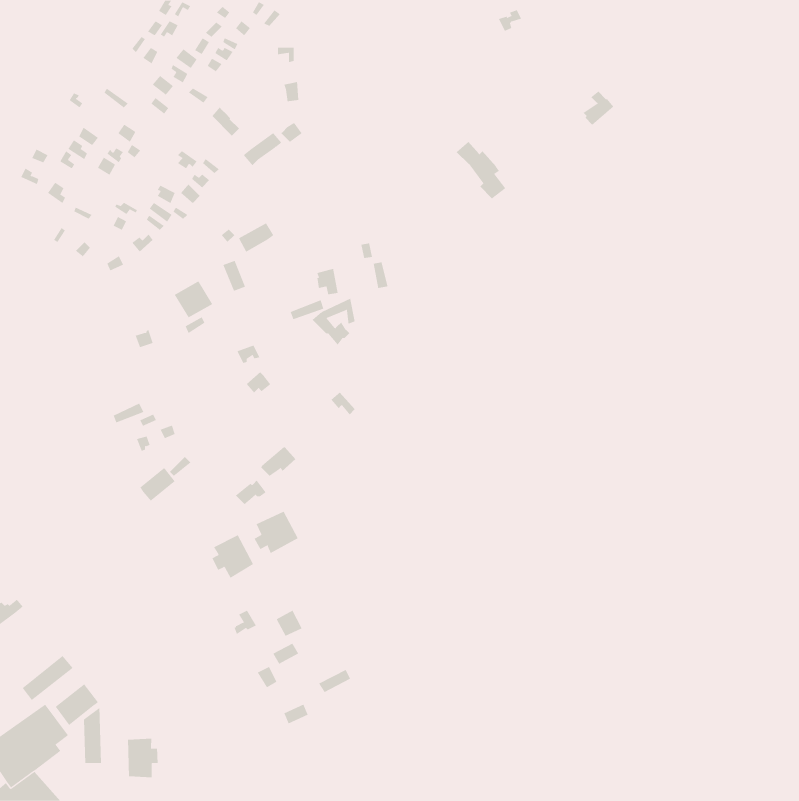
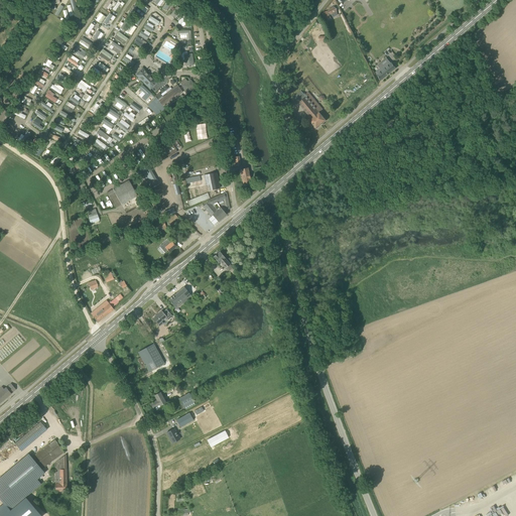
building: [254,511,298,554] -> none
building: [128,738,158,778] -> none

